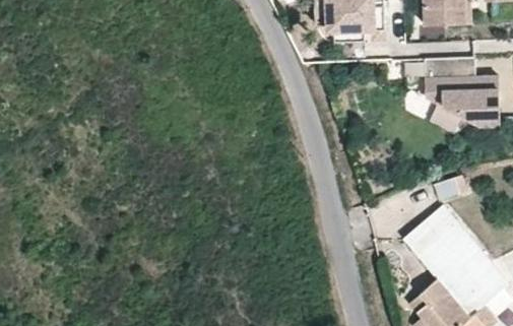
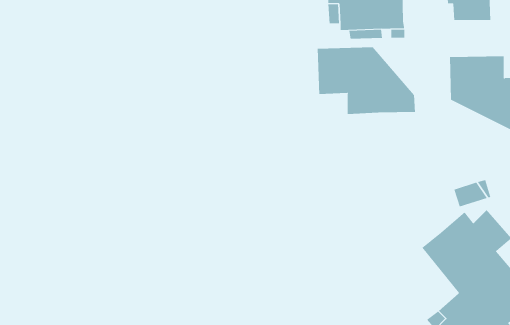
building: none -> [317,47,416,115]

